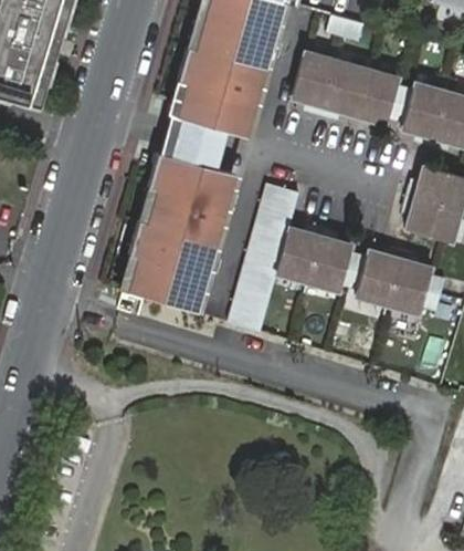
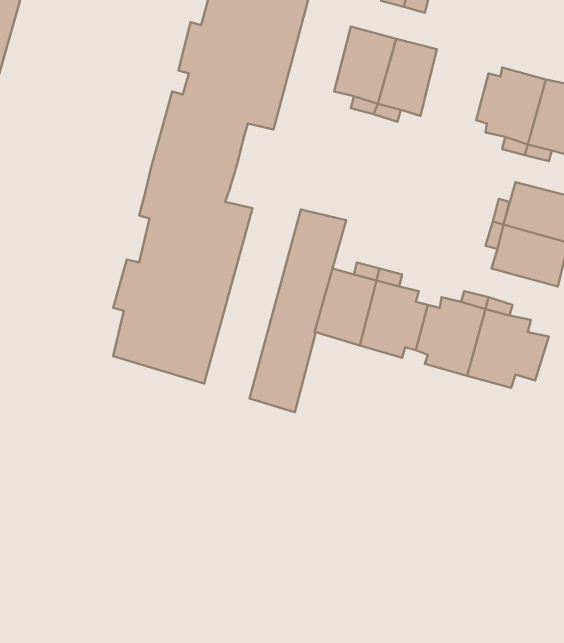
building: [355,66,404,123] -> none

